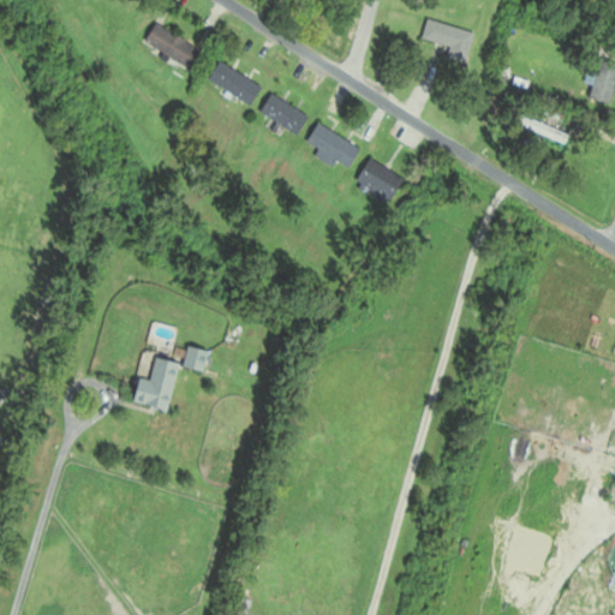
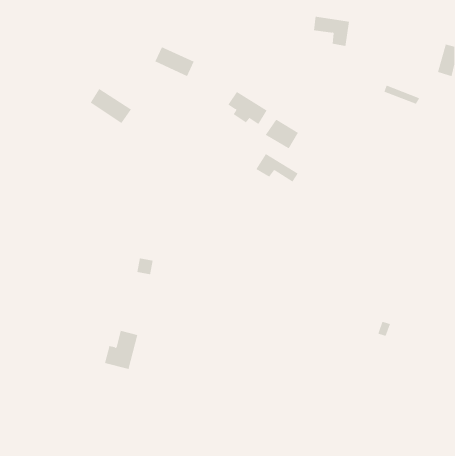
building: [144,20,201,68] -> [90,88,132,124]
building: [259,92,308,135] -> none
building: none -> [255,153,299,182]
building: [135,358,180,411] -> [104,330,138,370]

